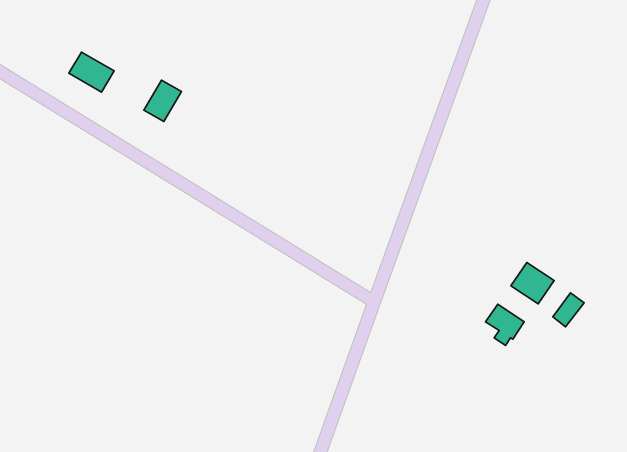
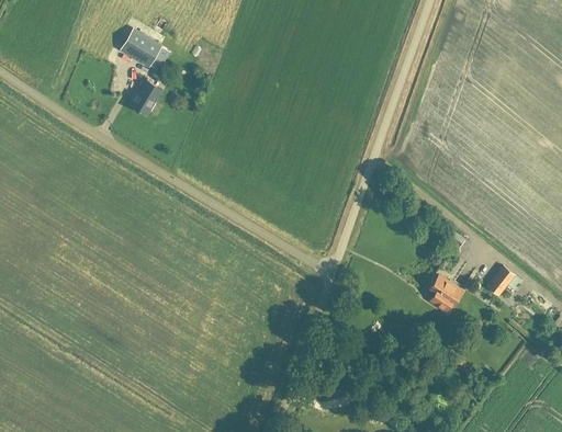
building: [69,52,114,92] -> [122,31,161,66]
building: [511,262,554,304] -> none

